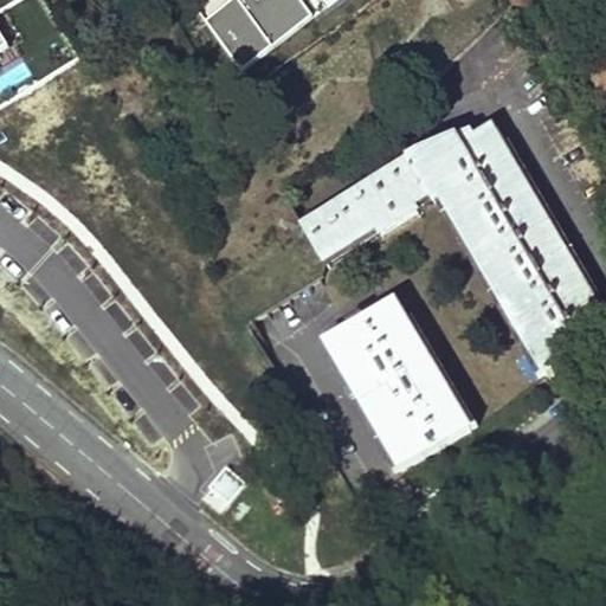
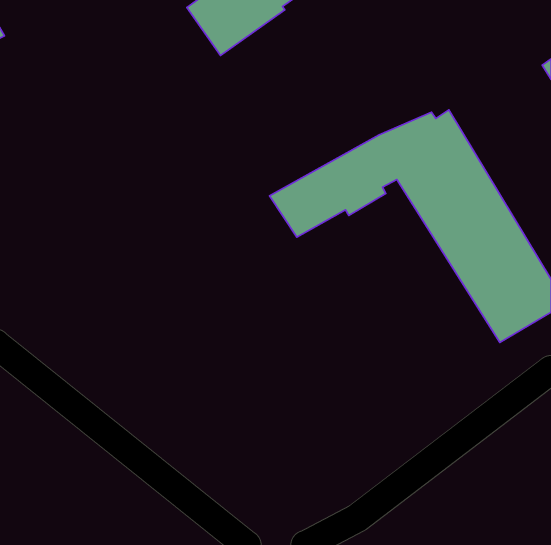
building: [322,295,472,469] -> none

